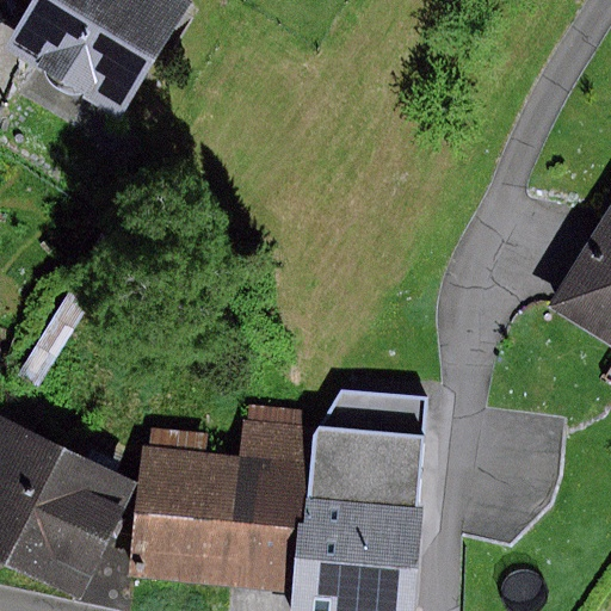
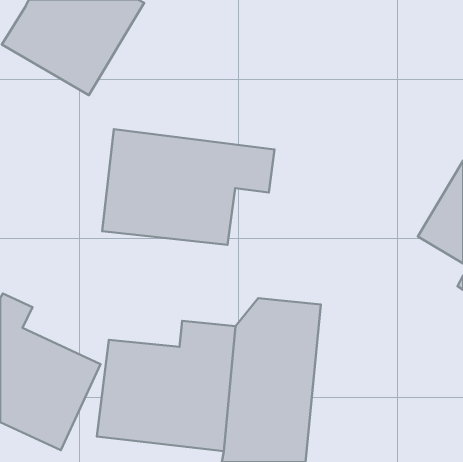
building: none -> [102,129,275,245]

